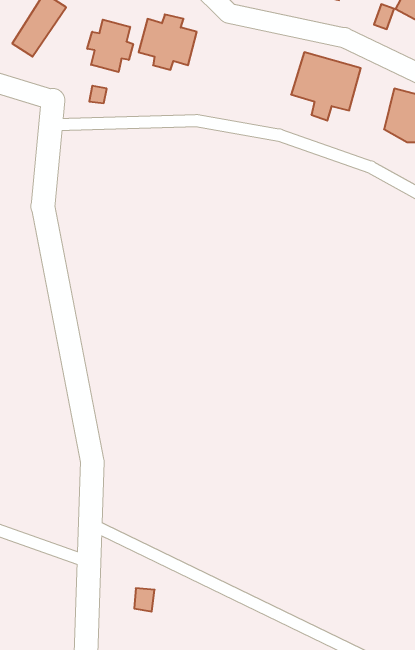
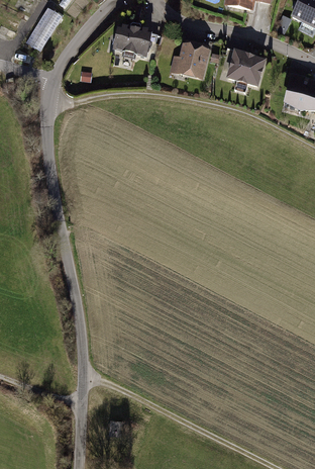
building: [87,20,133,72] -> none
building: none -> [169,41,210,81]

